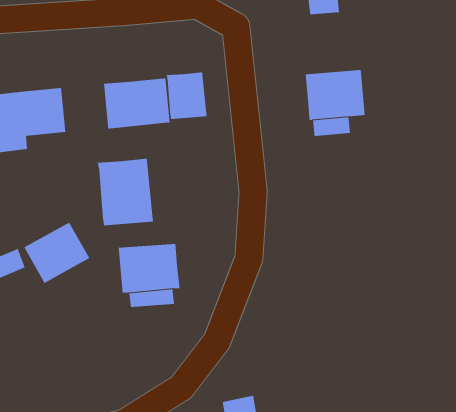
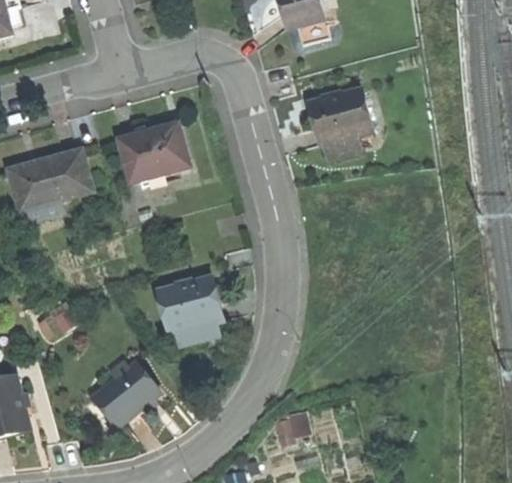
building: [166,72,207,120] -> none
building: [97,158,154,226] -> none
building: [24,222,90,284] -> [96,361,160,423]

